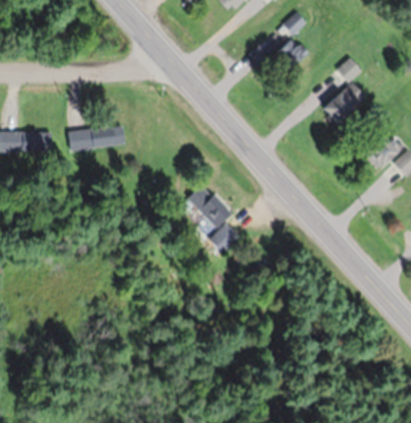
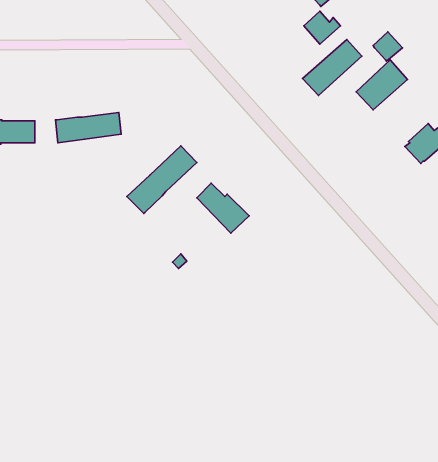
building: none -> [302,39,362,95]
building: none -> [127,146,197,214]
building: [209,223,240,255] -> none

